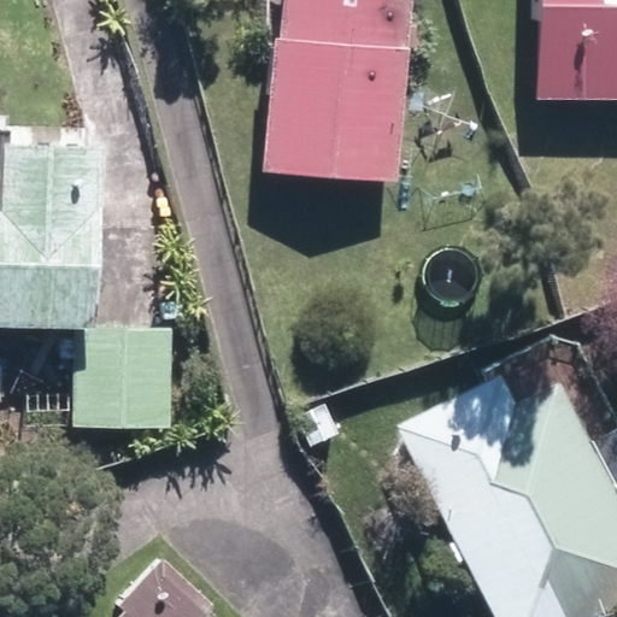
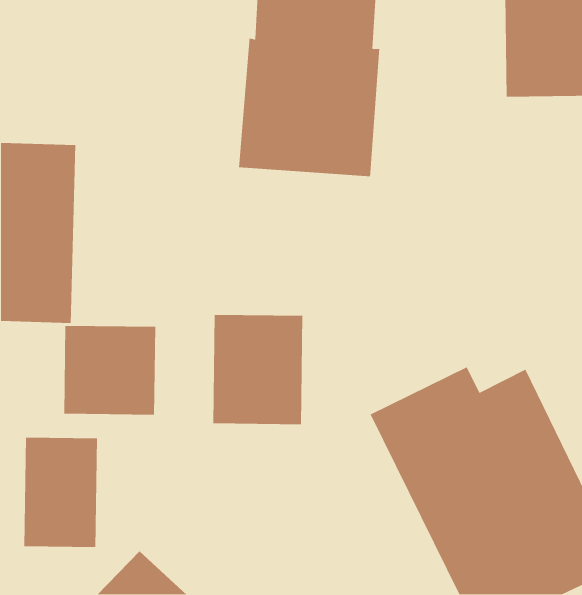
building: none -> [212,314,303,425]
building: none -> [24,437,98,548]

